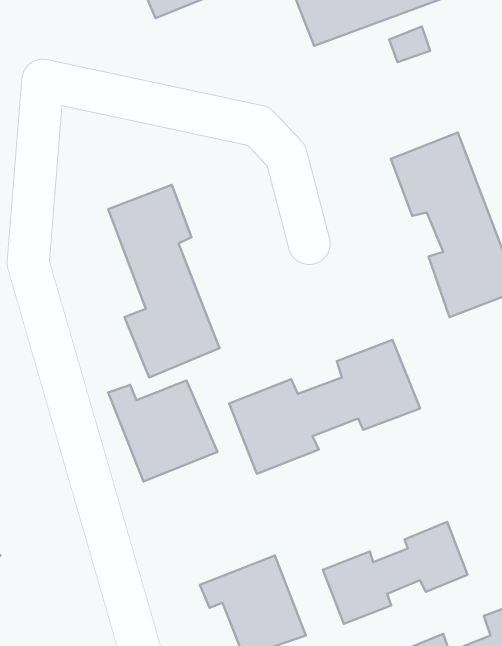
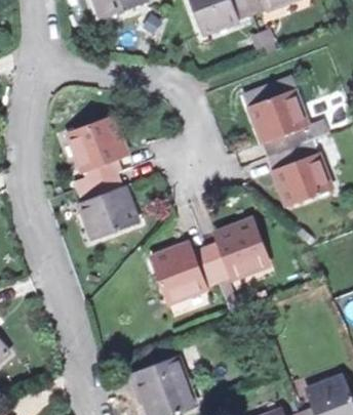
building: [108,380,218,481] -> none
building: [323,522,468,624] -> none

